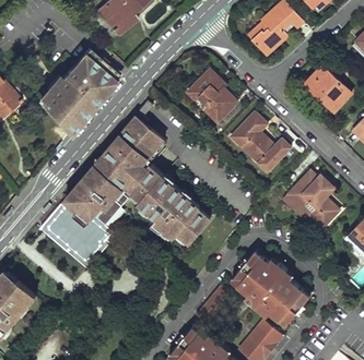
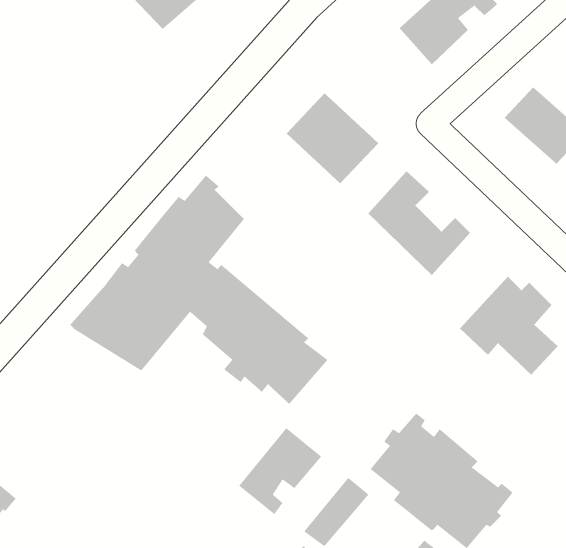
building: [40,48,120,134] -> none
building: [38,204,110,265] -> none
building: none -> [238,427,322,515]

